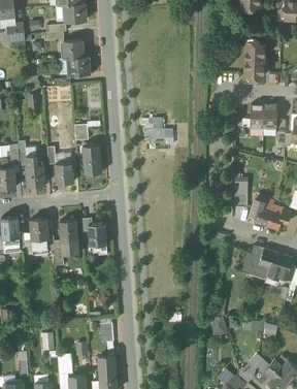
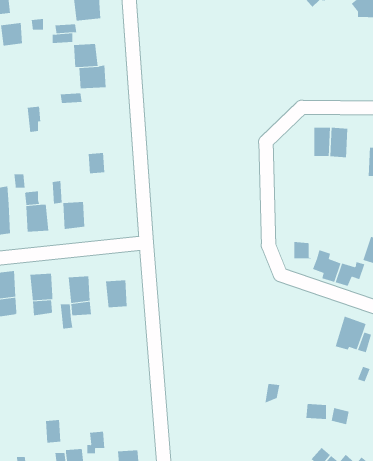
building: [243,37,264,80] -> none
building: [142,117,167,142] -> none
building: [81,143,101,173] -> none
building: [238,245,273,293] -> none

